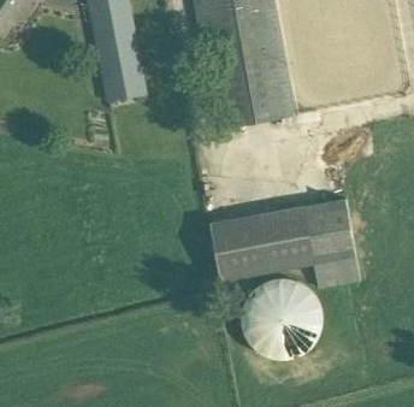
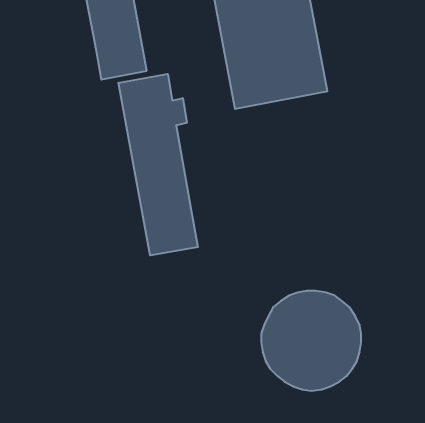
building: none -> [118,74,198,255]
building: [211,199,361,287] -> none

